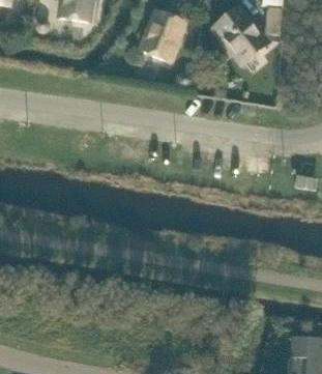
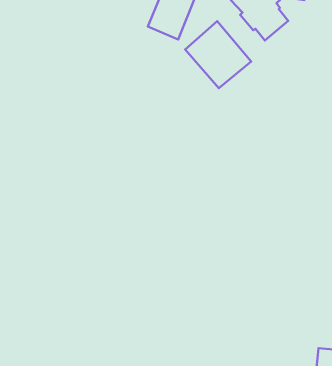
building: none -> [185,21,251,88]

